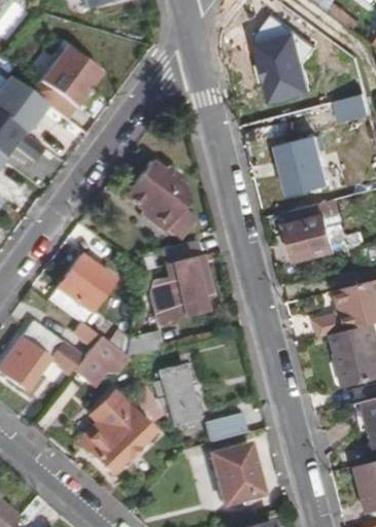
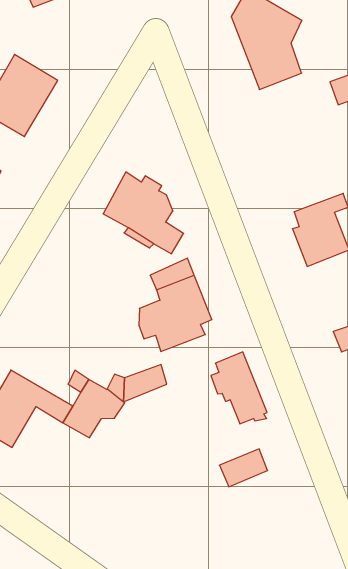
building: [278,138,330,197] -> none
building: [48,257,113,324] -> none
building: [155,367,200,429] -> [211,352,267,424]
building: [82,394,153,476] -> none
building: [209,447,261,505] -> none

